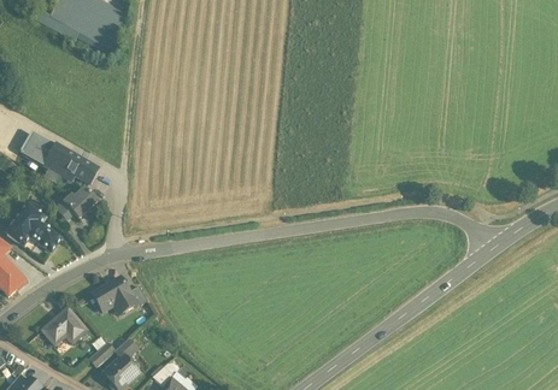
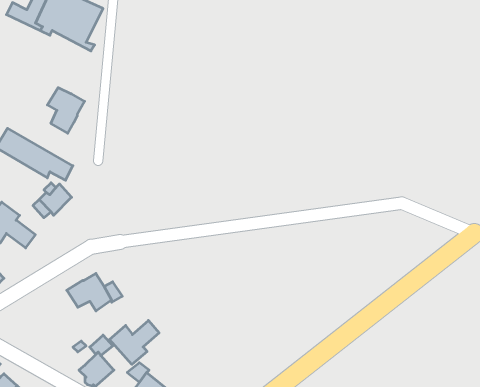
building: none -> [47,88,85,133]
building: [41,307,87,344] -> none
building: none -> [110,320,159,364]

